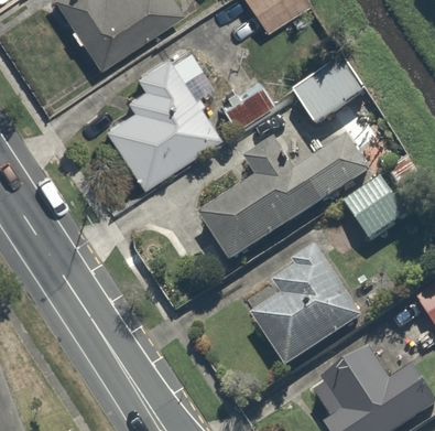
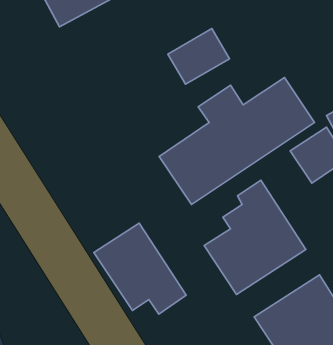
building: [102,54,220,186] -> none
building: [293,57,370,127] -> none
building: none -> [94,223,186,314]

